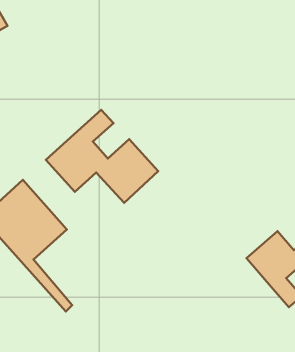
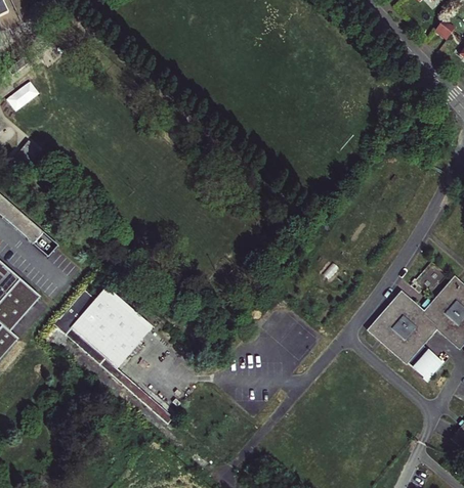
building: [46,110,158,203] -> none

